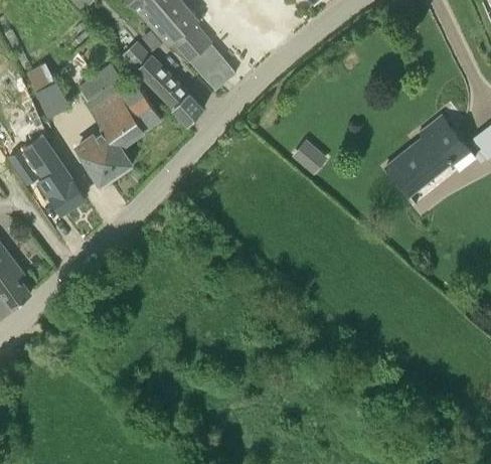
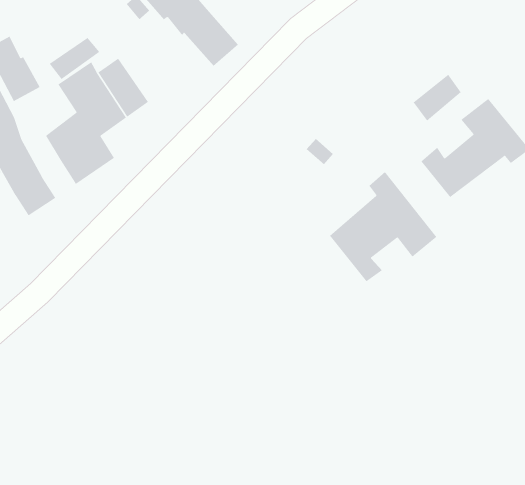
building: [124,45,204,124] -> none
building: none -> [413,74,462,121]
building: none -> [329,171,437,282]

